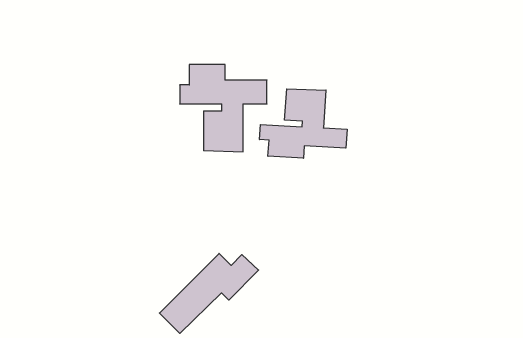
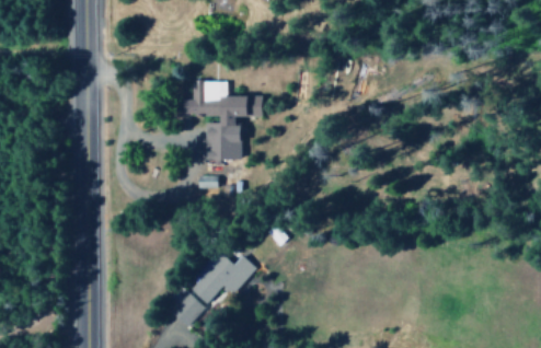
building: [260,89,347,158] -> none

